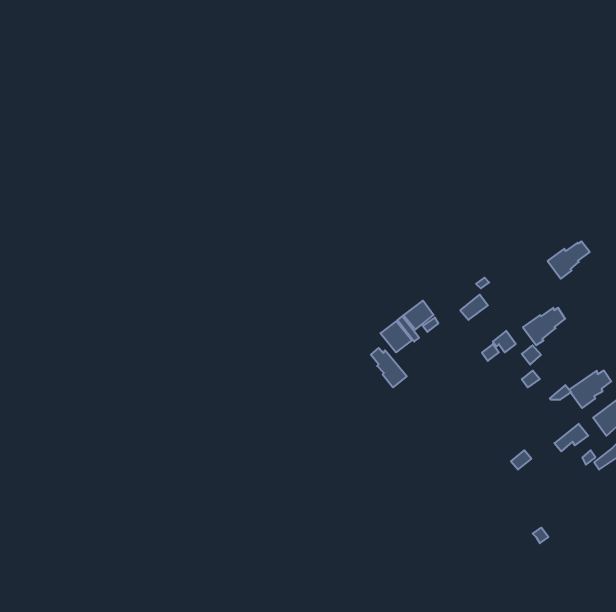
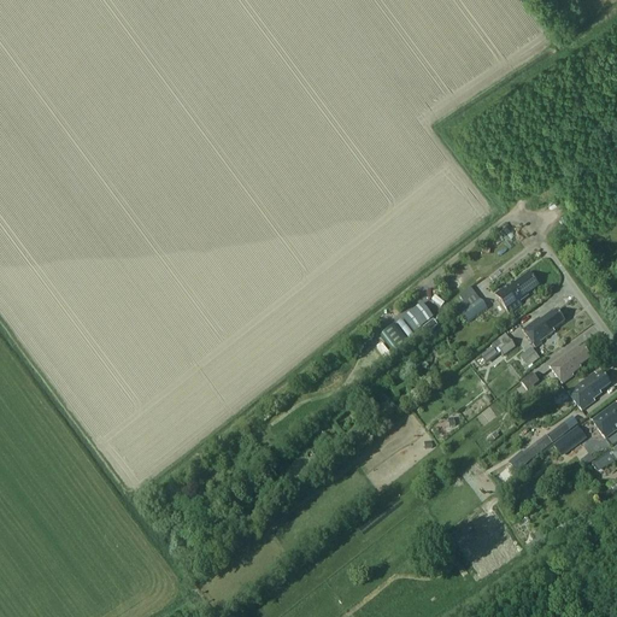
building: [548,241,590,279] -> [498,271,540,308]
building: none -> [551,343,592,381]
building: [371,348,407,387] -> none

